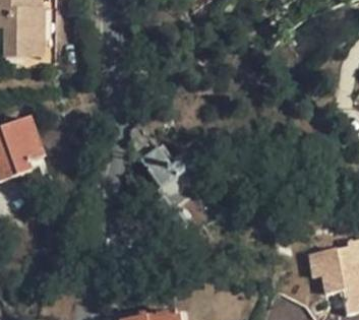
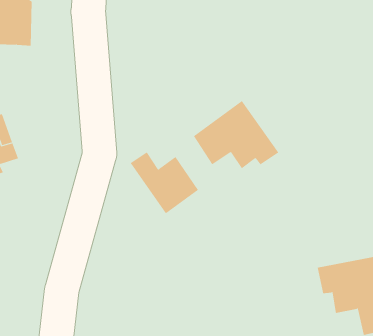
building: none -> [193,100,279,169]

